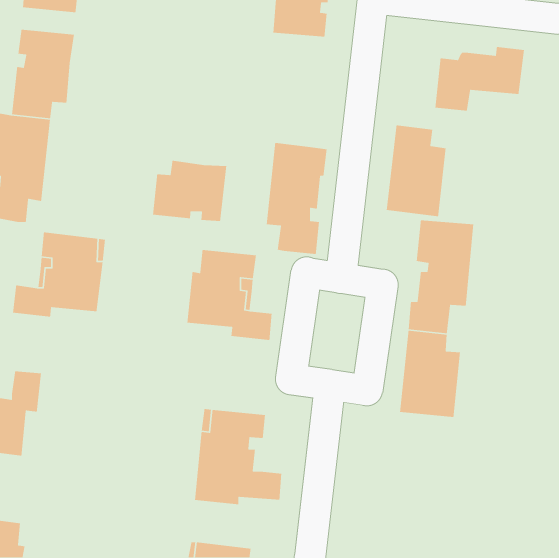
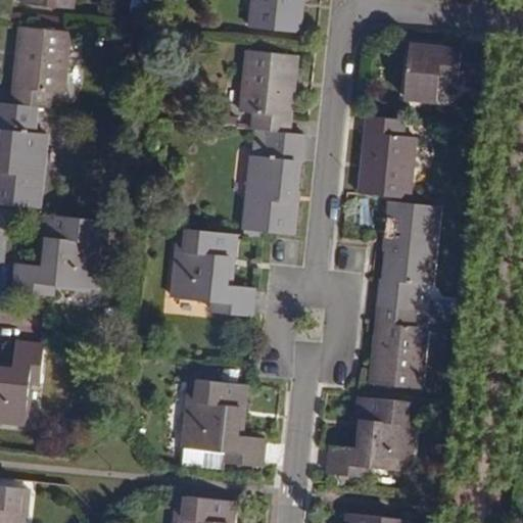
building: none -> [245,51,298,136]
building: [152,160,227,222] -> none
building: none -> [326,395,411,476]

